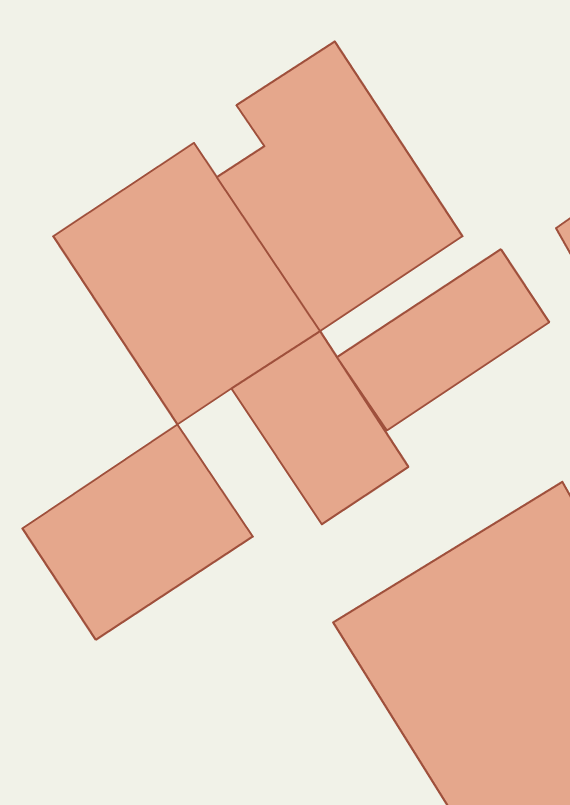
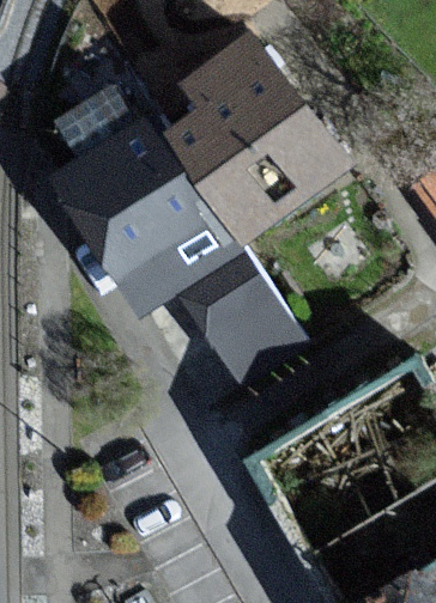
building: [337,249,549,430] -> none
building: [22,424,253,640] -> none

